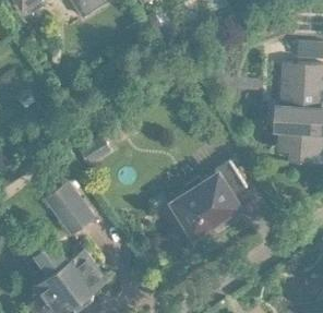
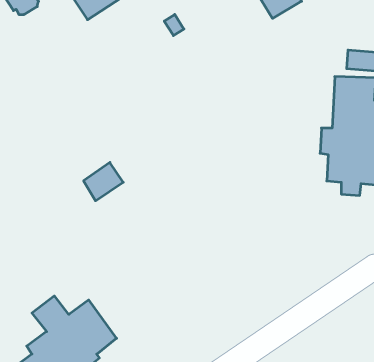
building: [172,160,246,233] -> none
building: [44,181,94,236] -> none

